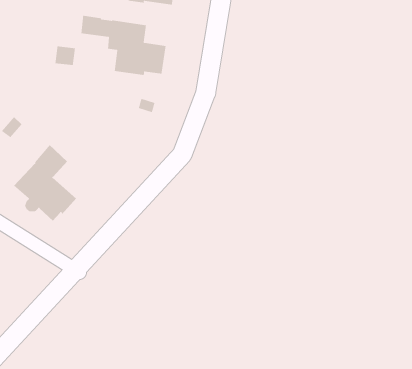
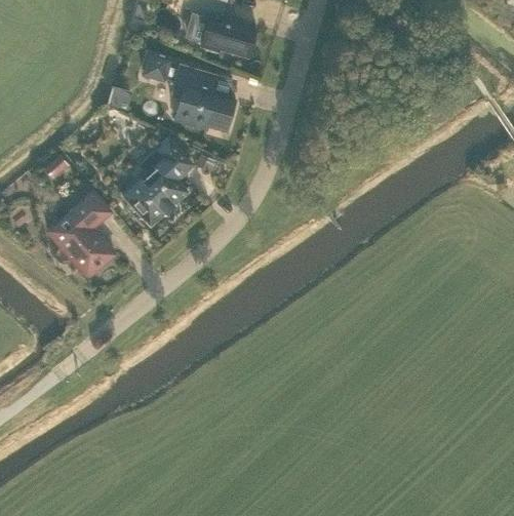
building: none -> [124,138,191,227]

